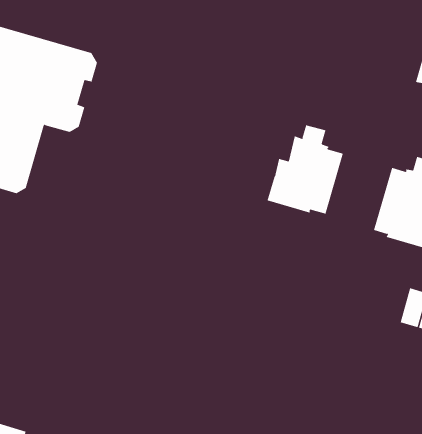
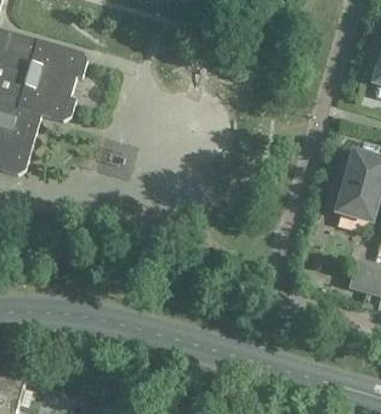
building: [267,124,344,215] -> none

